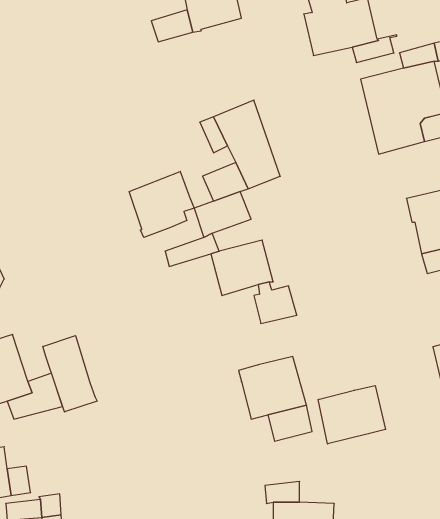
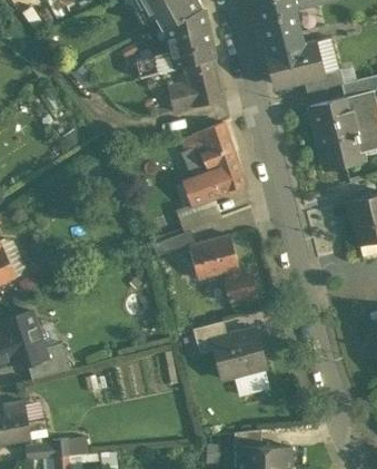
building: none -> [167,56,225,111]
building: [129,171,194,237] -> none
building: [43,336,97,412] -> none
building: none -> [192,320,227,352]
building: [318,386,386,444] -> none

